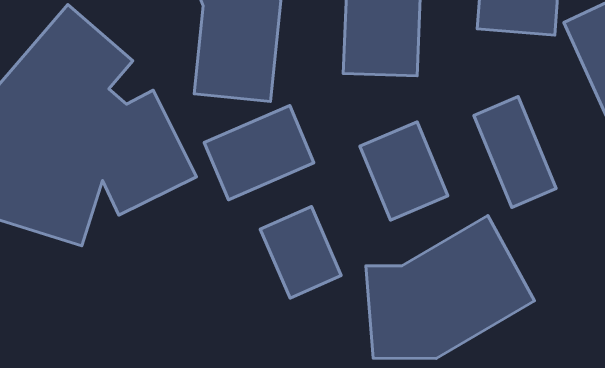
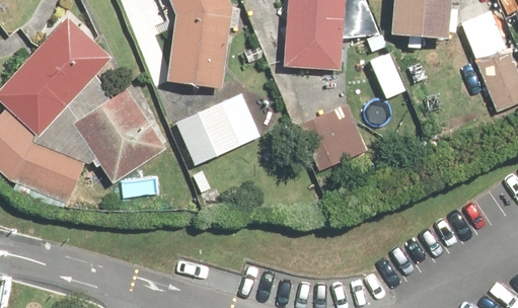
building: [474,96,556,207] -> none
building: [260,206,341,298] -> none
building: [366,215,535,359] -> none

